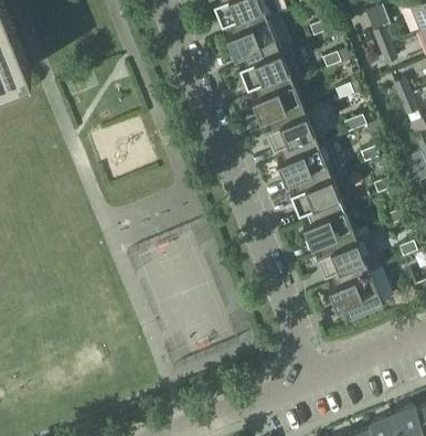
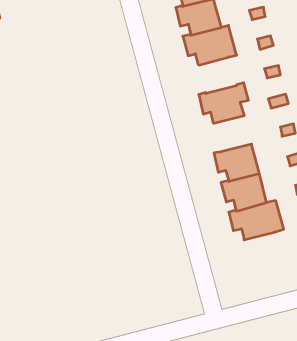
building: [251,82,305,126] -> none
building: [276,141,338,189] -> none
building: [328,270,382,317] -> none

